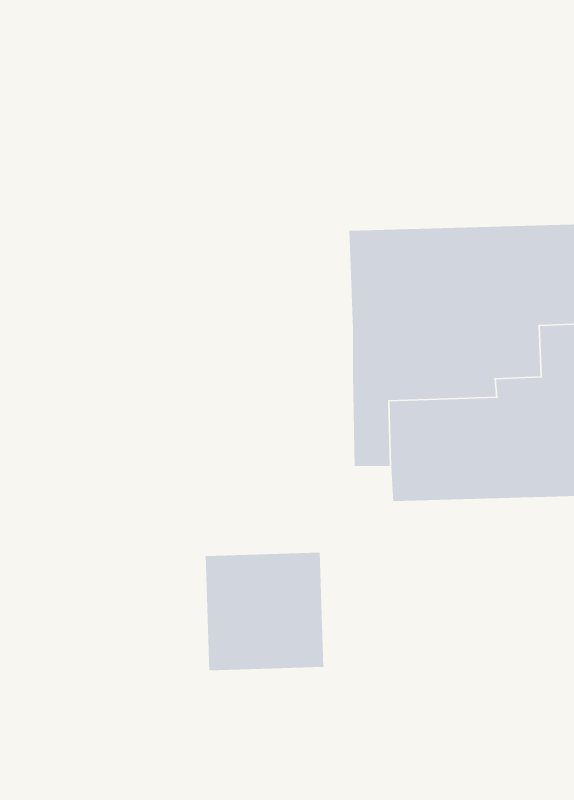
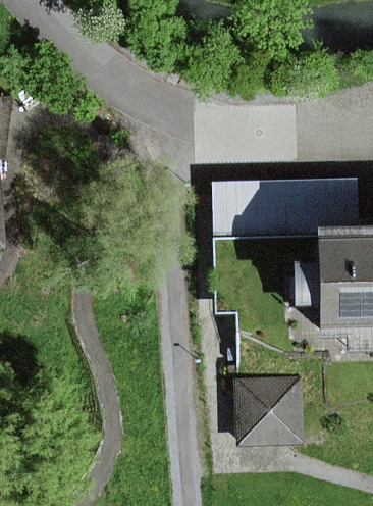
building: [205,552,324,671] -> [238,373,305,440]

